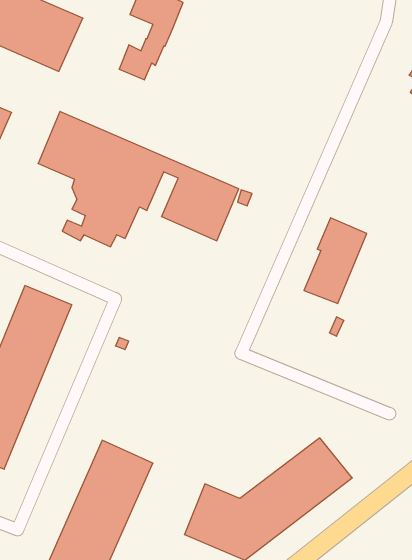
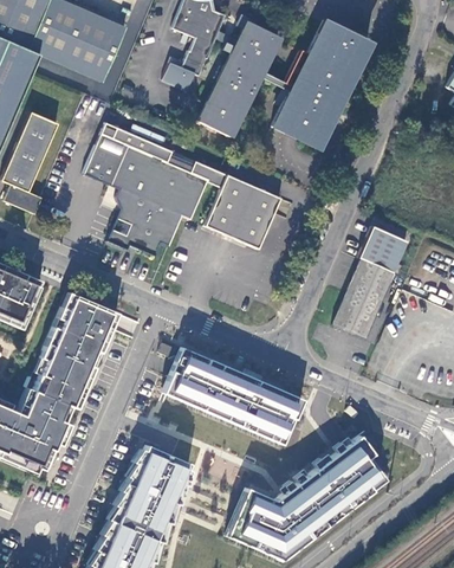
building: none -> [199,19,279,137]
building: none -> [272,20,369,148]
building: none -> [333,297,377,338]
building: none -> [163,347,307,446]

